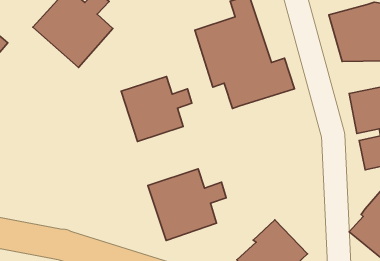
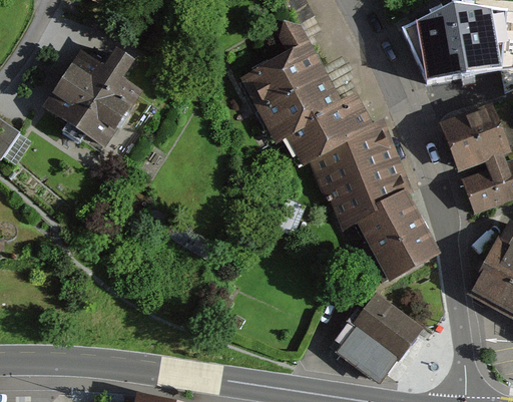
building: [121,77,192,142] -> none
building: none -> [310,125,438,281]
building: [148,169,226,240] -> none

